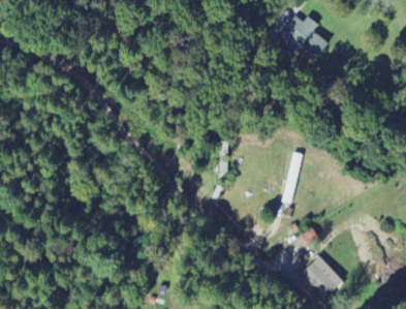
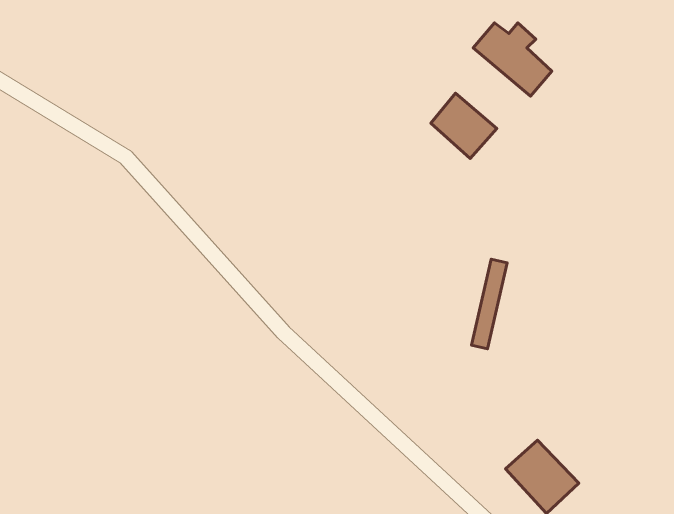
building: none -> [431,93,497,159]

